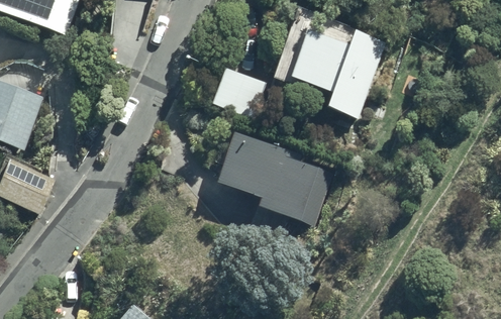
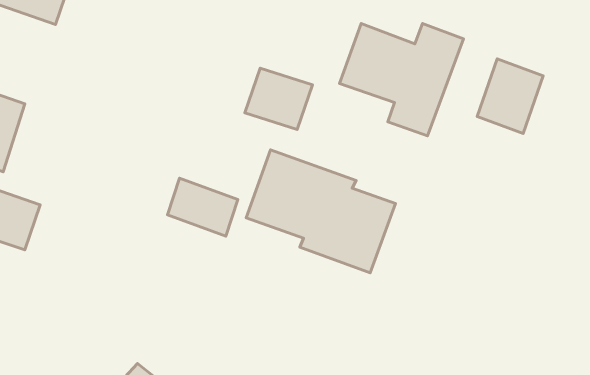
building: none -> [477,59,543,133]
building: none -> [167,178,238,236]

